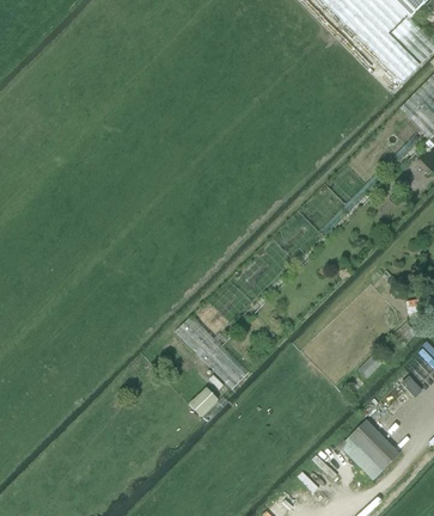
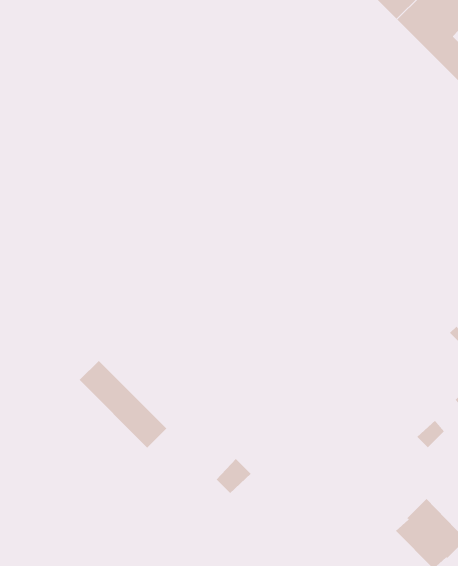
building: [175,314,249,388] -> [79,360,167,448]

